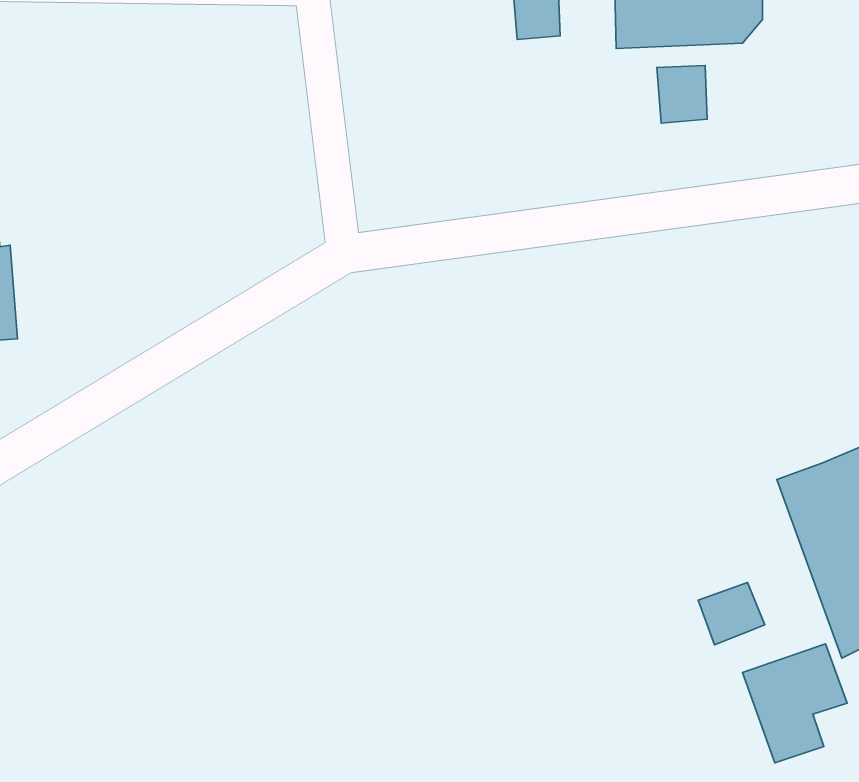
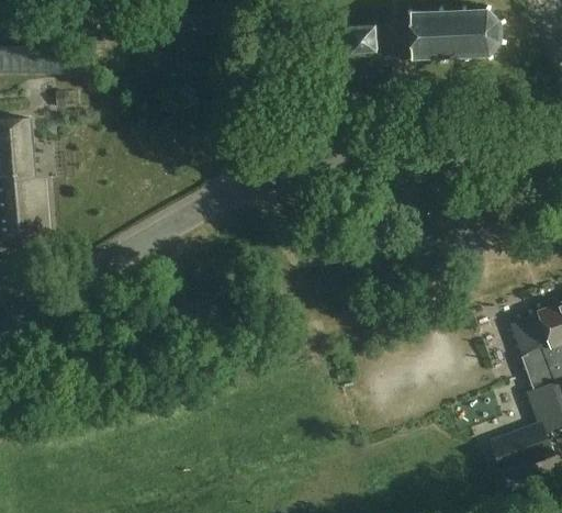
building: [657,65,707,123] -> none
building: [698,583,765,645] -> none

